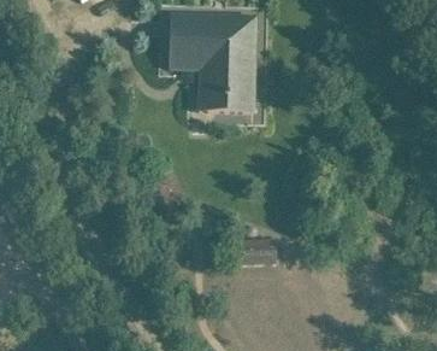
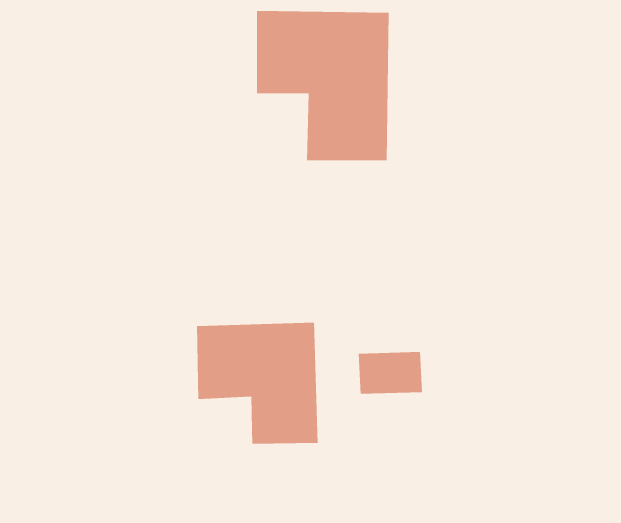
building: none -> [197,322,318,444]

